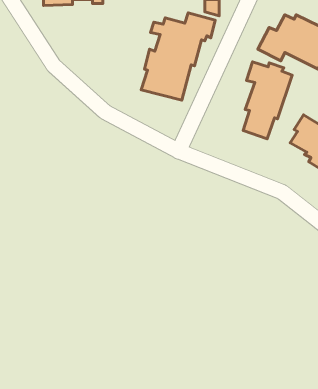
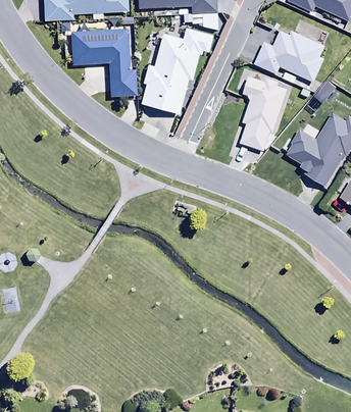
building: none -> [70,30,136,96]

